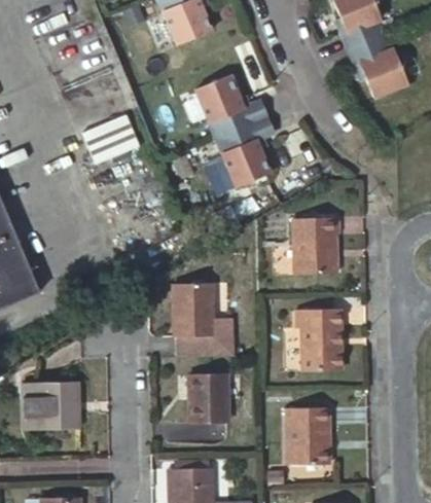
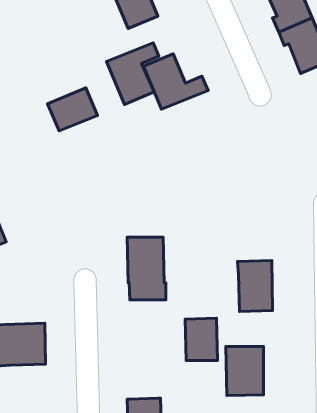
building: [214,115,274,186] -> [107,43,159,105]
building: [294,218,338,275] -> none
building: [189,375,226,424] -> [185,318,217,360]

